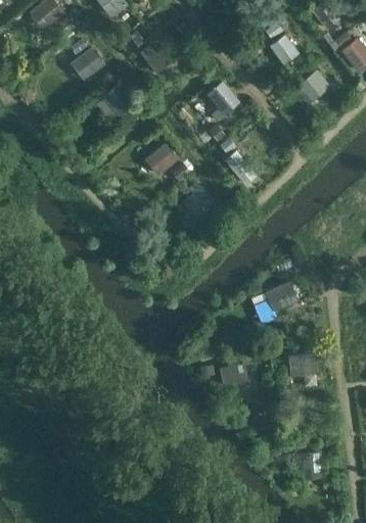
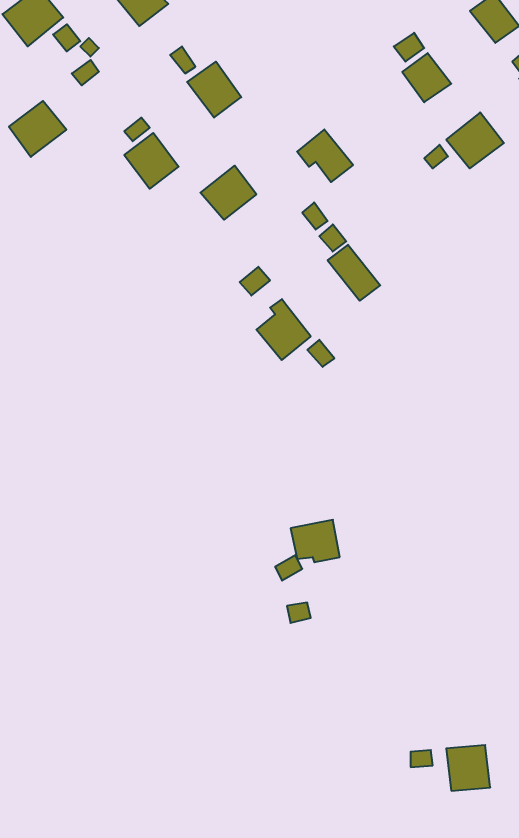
building: [71,47,105,81] -> [9,101,66,157]
building: [145,143,179,176] -> [200,166,256,220]
building: [266,282,299,312] -> none
building: [288,353,316,376] -> none
building: [220,363,249,388] -> [291,520,340,562]

